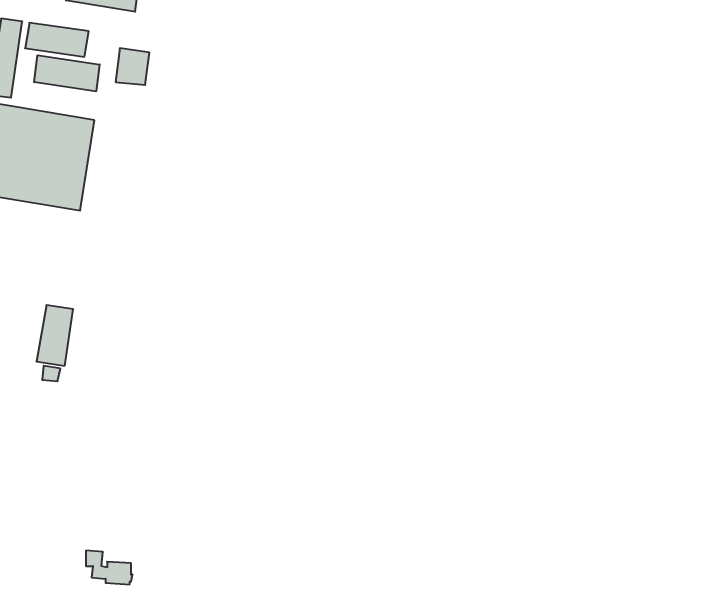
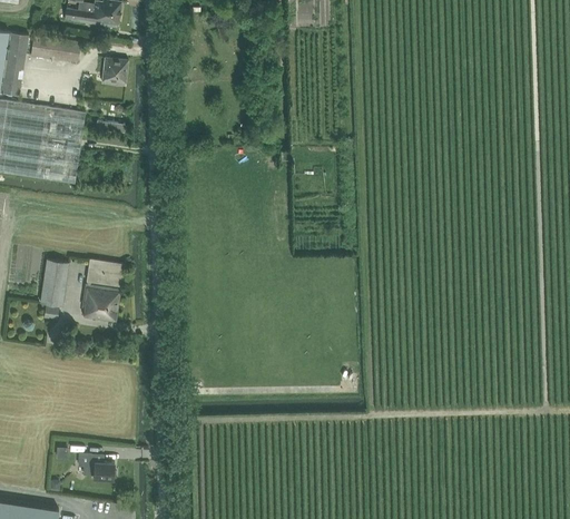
building: [34,55,100,91] -> none
building: none -> [82,258,122,321]

